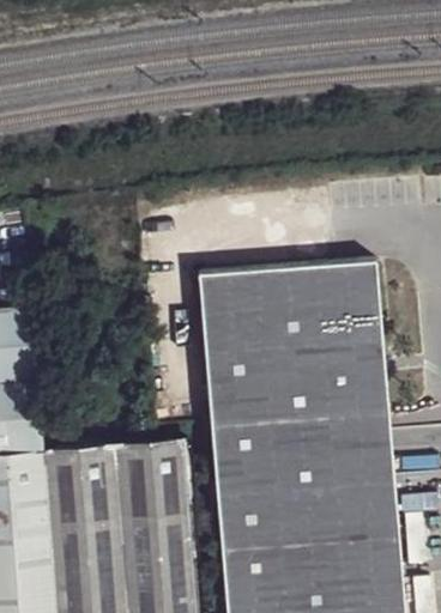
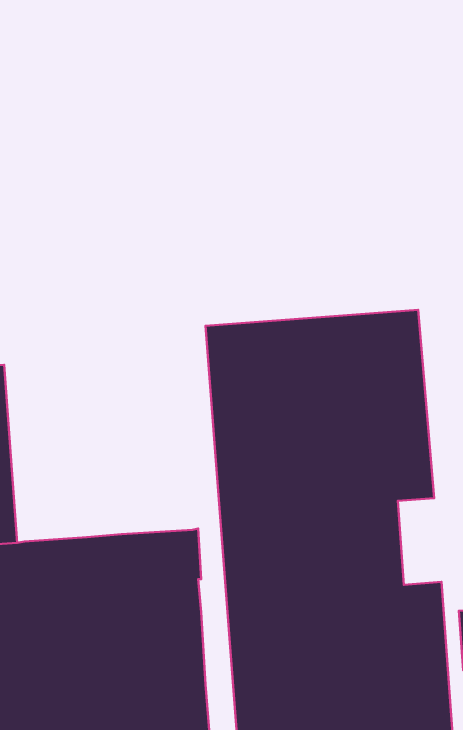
building: [357,417,393,488] -> none

